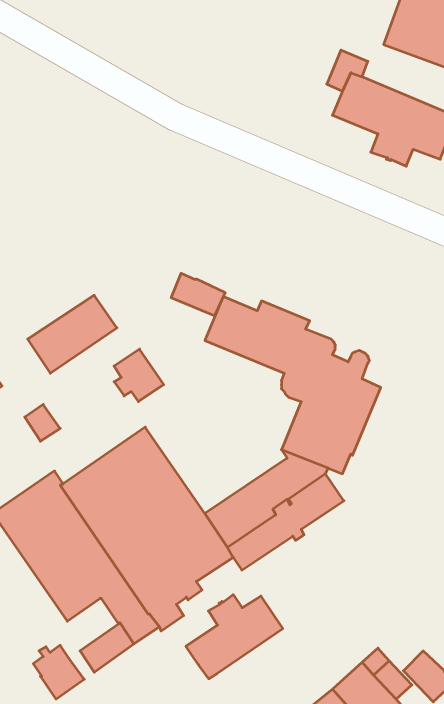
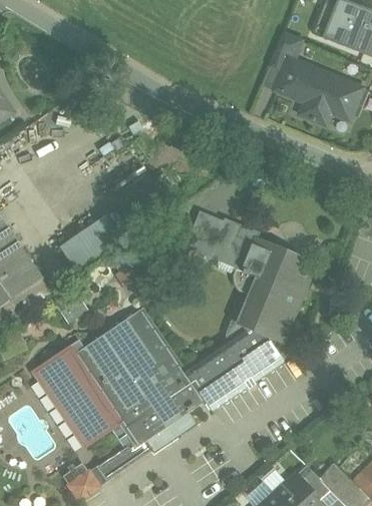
building: [171,273,225,316] -> none
building: [186,595,283,679] -> none

